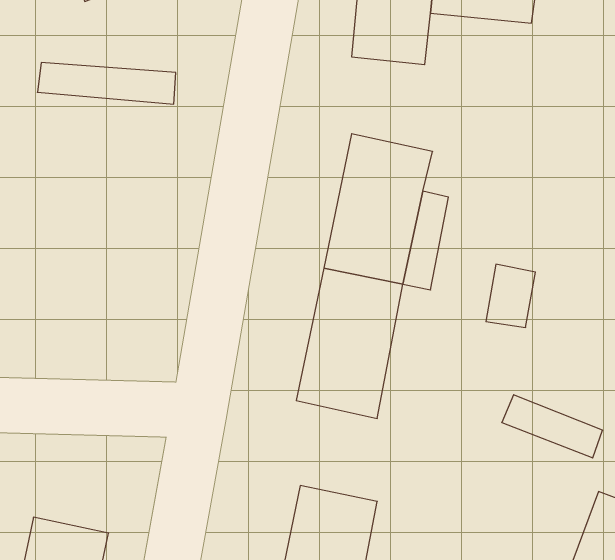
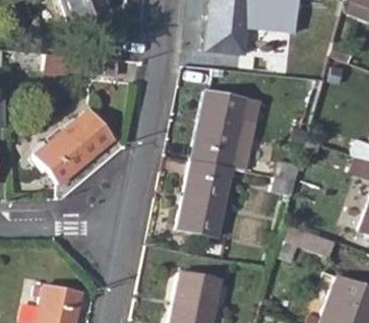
building: none -> [37,112,113,184]

